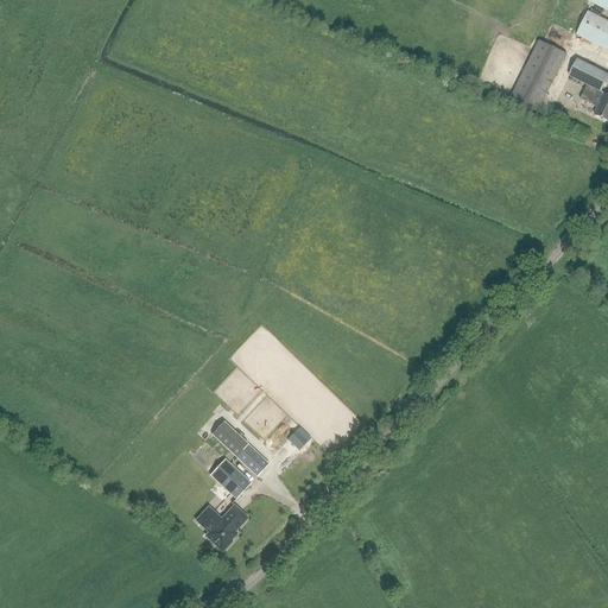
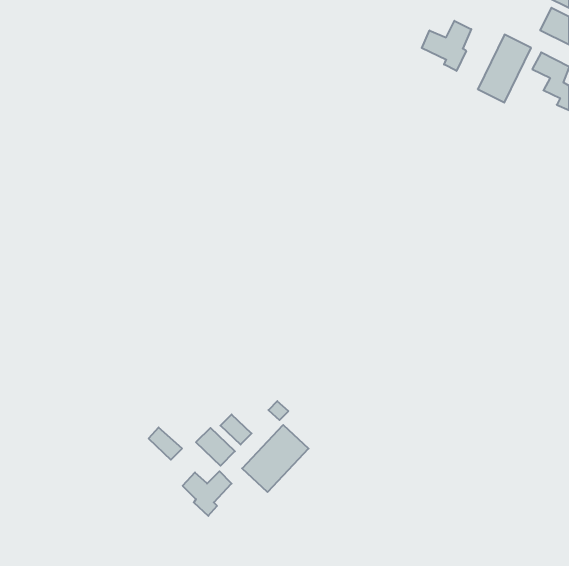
building: none -> [422,21,471,71]
building: [211,419,247,454] -> [149,427,182,460]
building: none -> [242,425,309,492]

